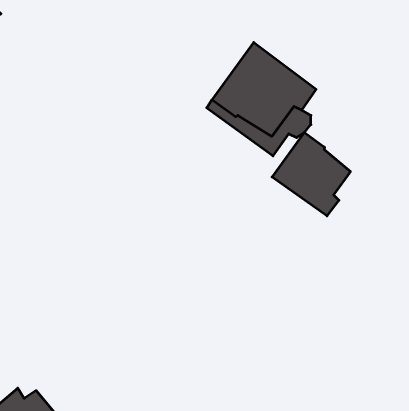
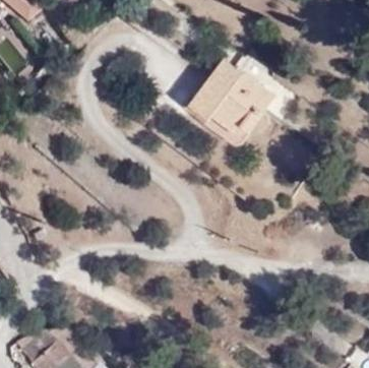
building: [272,132,350,216] -> none

